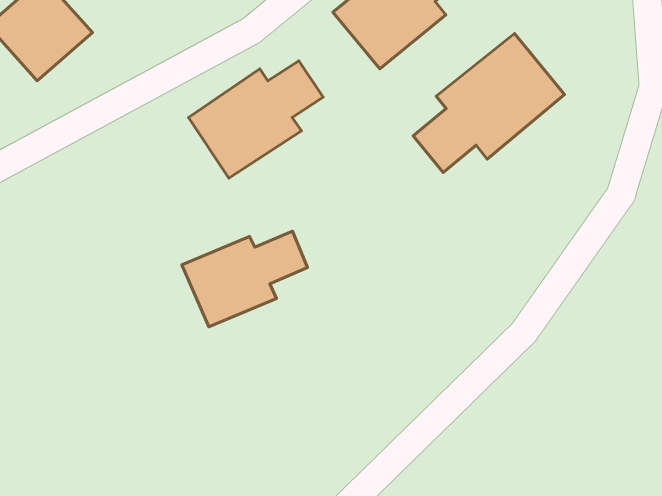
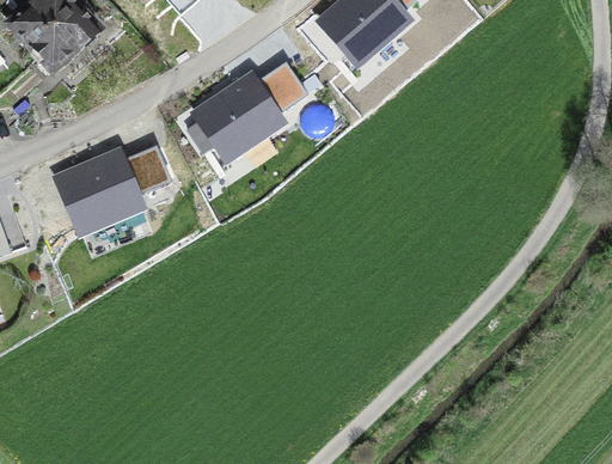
building: [413,33,564,173] -> none
building: [182,231,307,327] -> [56,151,167,236]

